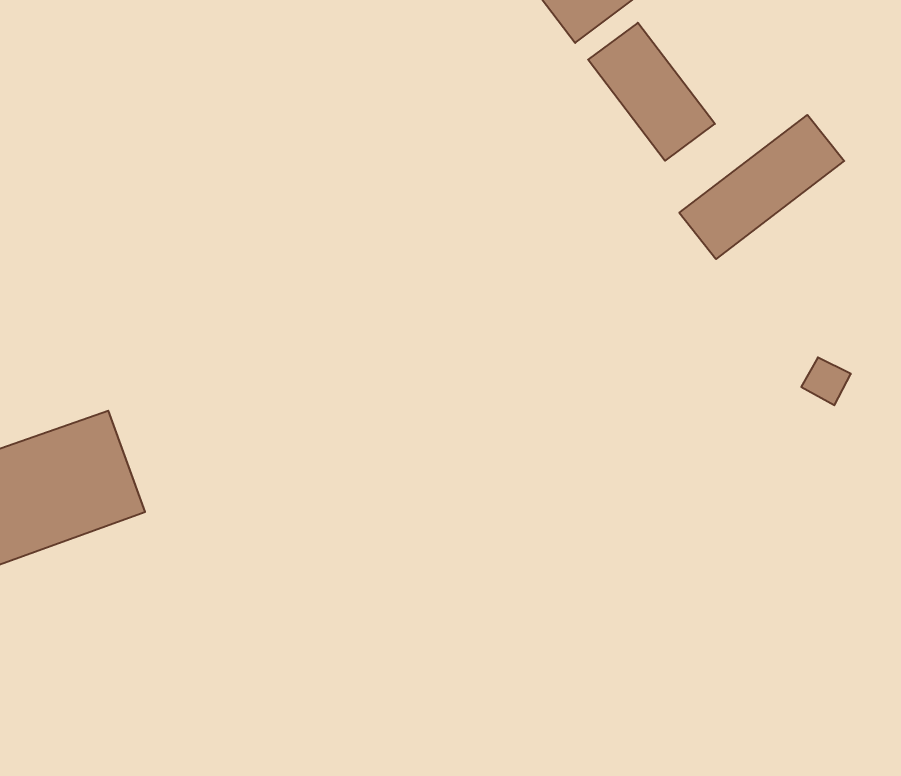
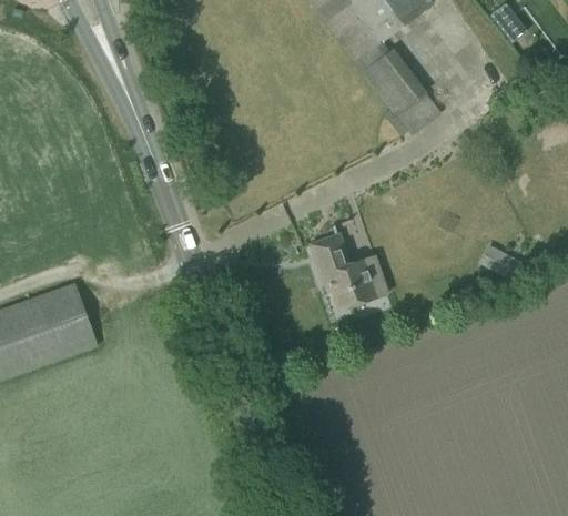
building: [679,115,844,259] -> none
building: none -> [308,232,379,310]

